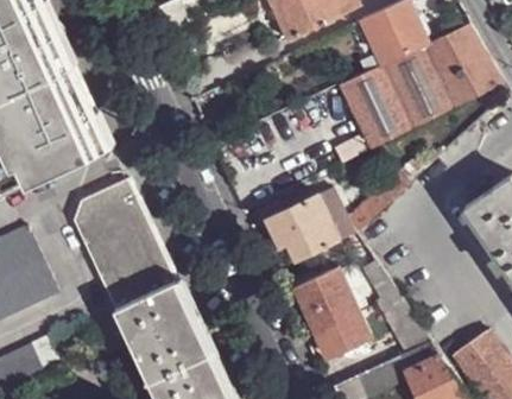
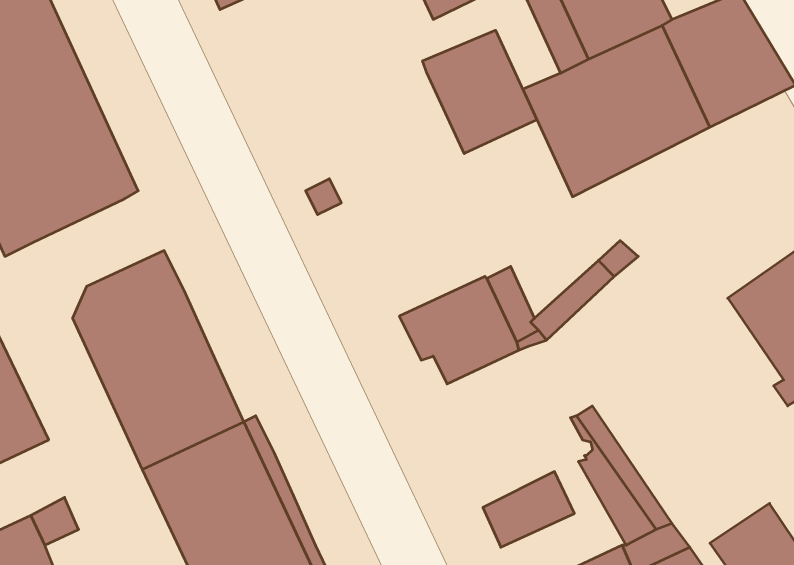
building: none -> [423,30,537,154]
building: [296,267,360,332] -> none

